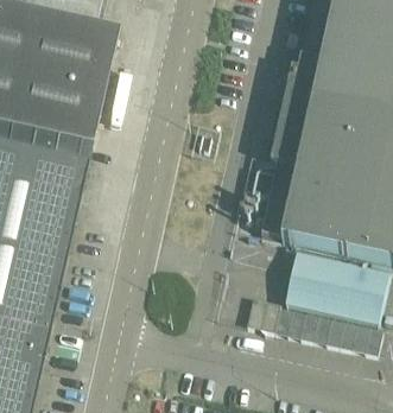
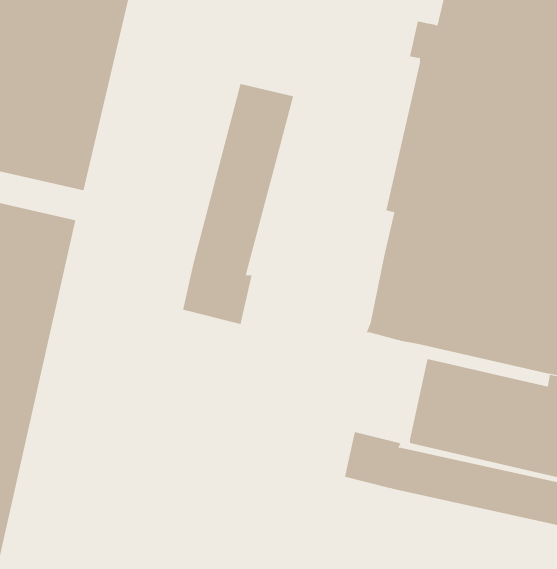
building: none -> [183,83,294,325]

